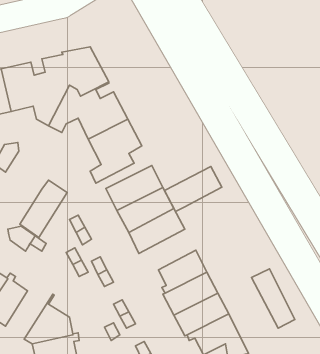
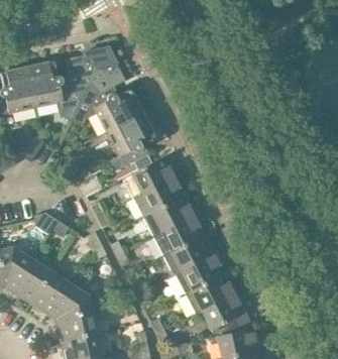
building: [164,166,222,212] -> [152,215,205,256]
building: [20,180,67,237] -> [30,263,74,316]
building: [252,269,295,328] -> none

